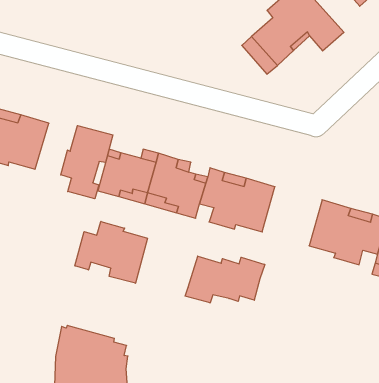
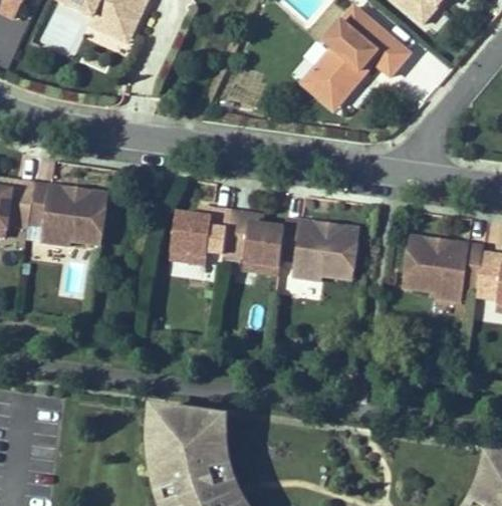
building: [61,126,113,199] -> none
building: [75,221,147,283] -> none
building: [185,256,265,303] -> none

